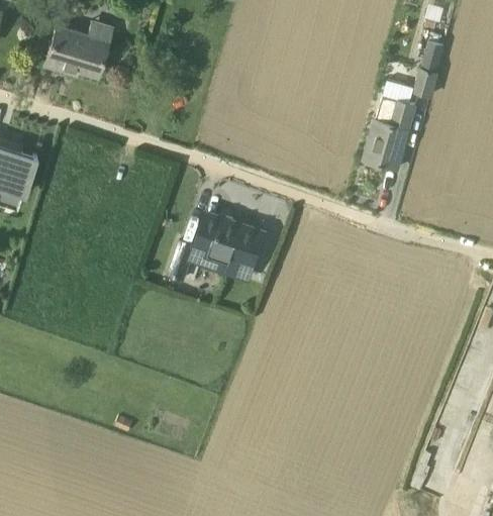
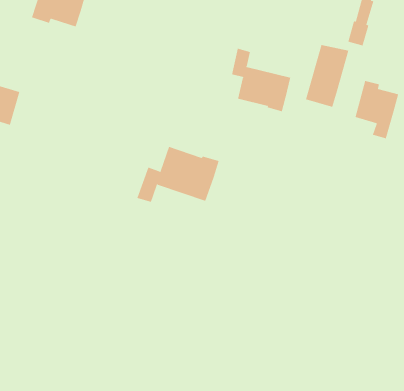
building: none -> [232,48,291,112]
building: none -> [355,80,399,139]

